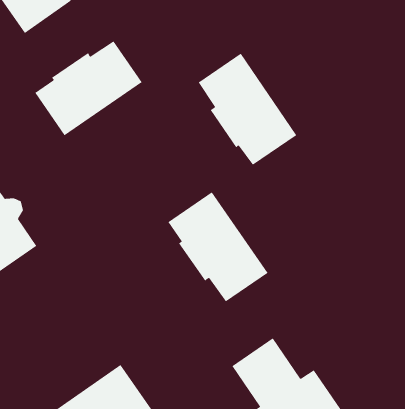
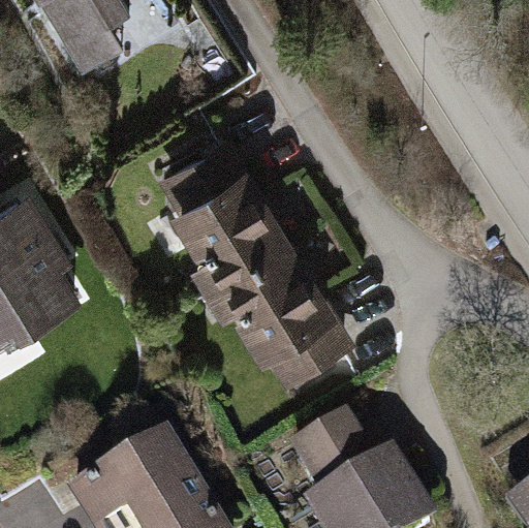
building: [34,41,143,136] -> none
building: [198,53,297,166] -> [170,144,284,277]

